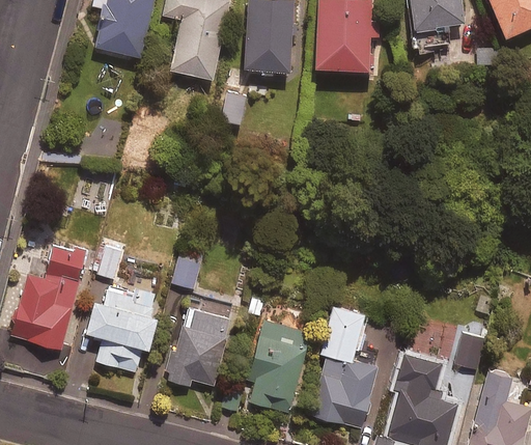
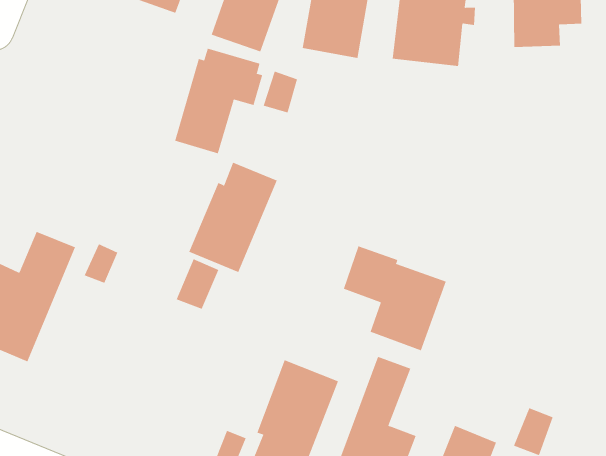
building: none -> [174,48,263,154]
building: none -> [188,162,278,273]
building: none -> [343,246,446,351]
building: [87,288,158,372] -> none
building: [168,310,230,386] -> none

